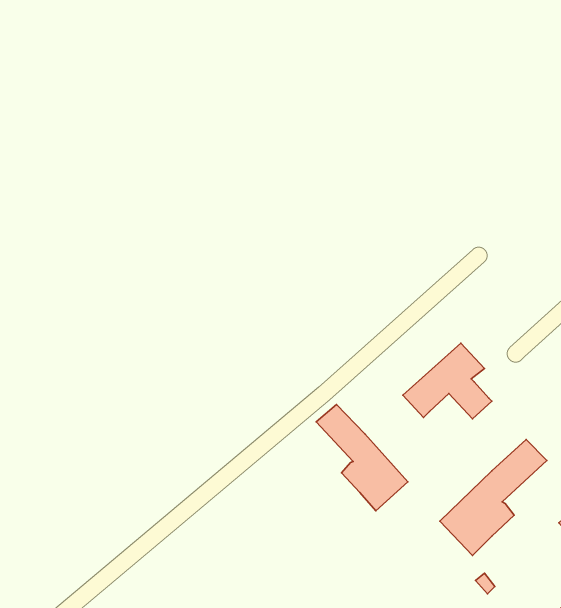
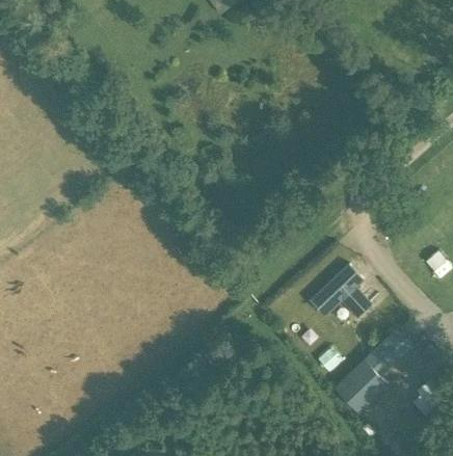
building: [316,404,408,511] -> none

